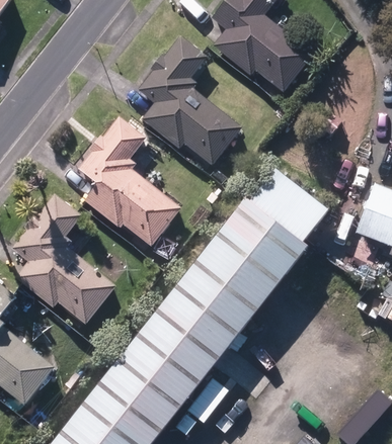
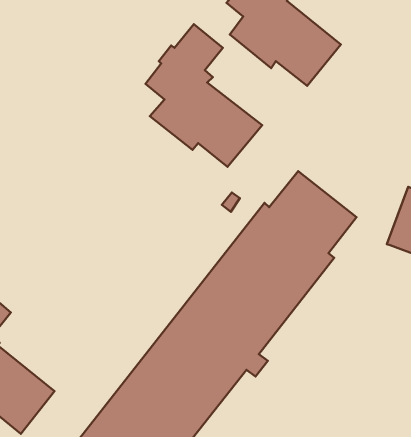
building: [77,116,180,246] -> none
building: [12,194,115,325] -> none

